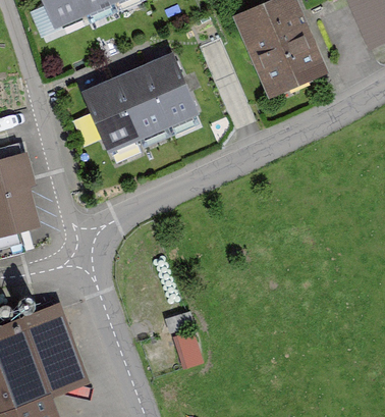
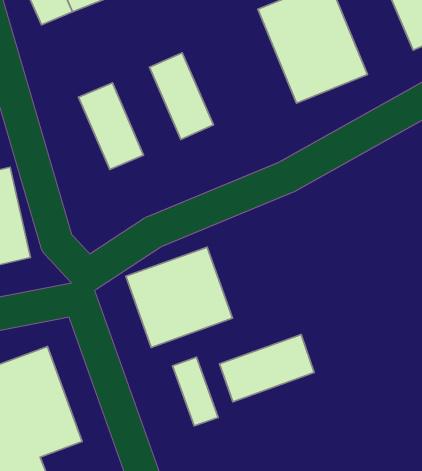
building: [113,65,171,140] -> none
building: none -> [126,247,232,347]
building: none -> [220,335,314,402]

